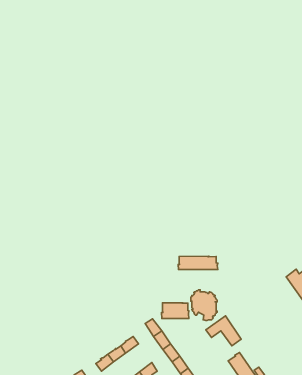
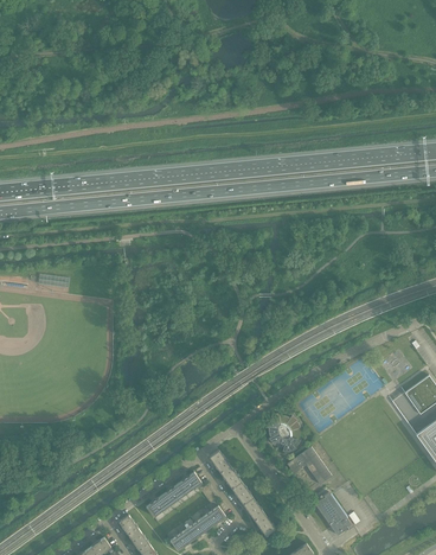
building: [178,256,218,270] -> none
building: [162,303,189,318] -> none

